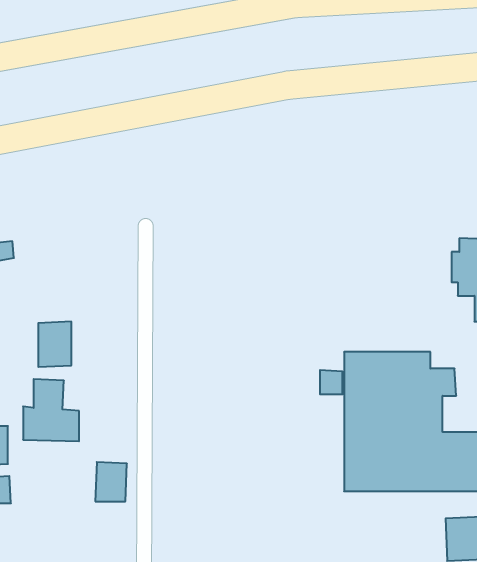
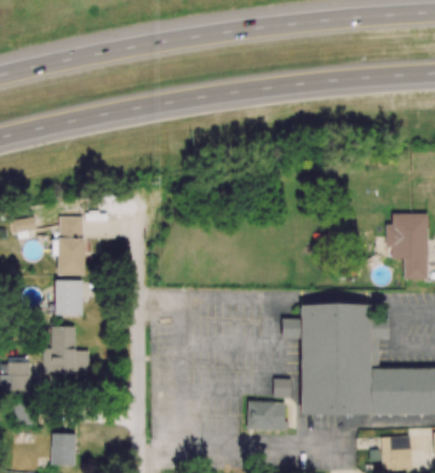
building: none -> [53,217,85,276]
building: [95,462,127,501] -> [51,433,76,465]
building: none -> [247,402,286,431]

